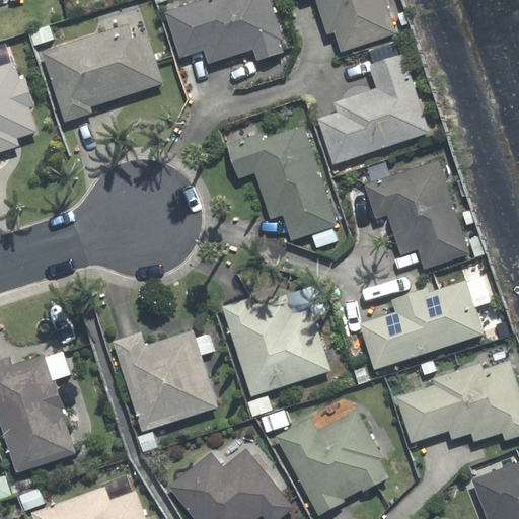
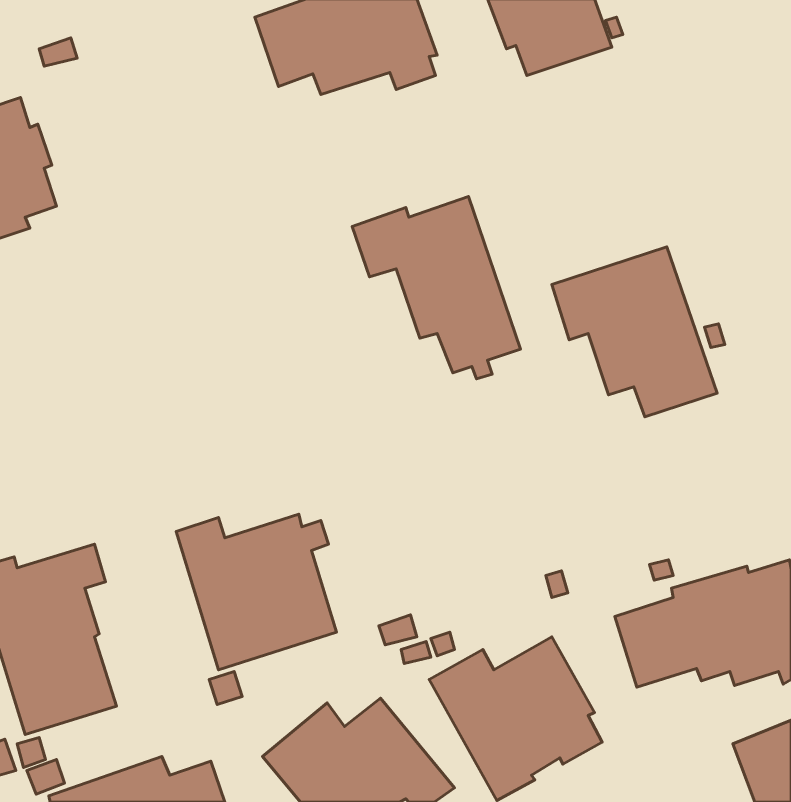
building: [43,25,163,122] -> none
building: [318,55,430,164] -> none
building: [360,276,490,370] -> none
building: [224,296,330,395] -> none

